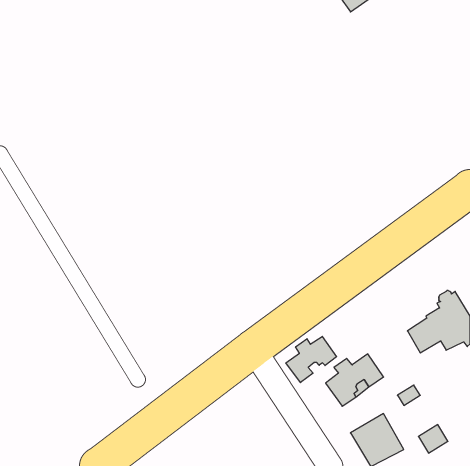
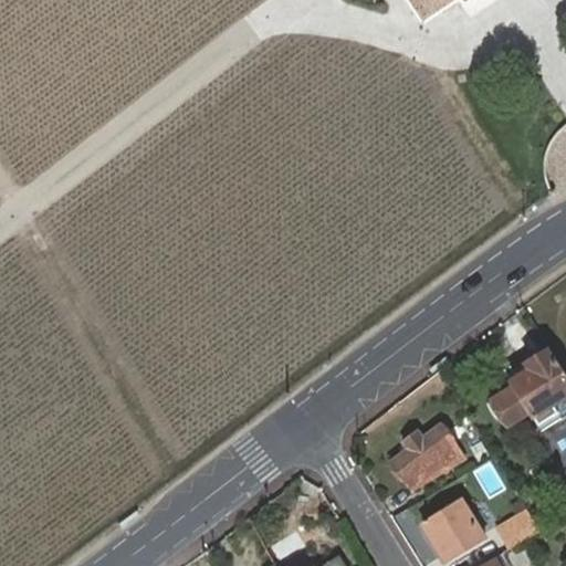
building: [286,336,337,383] -> none

